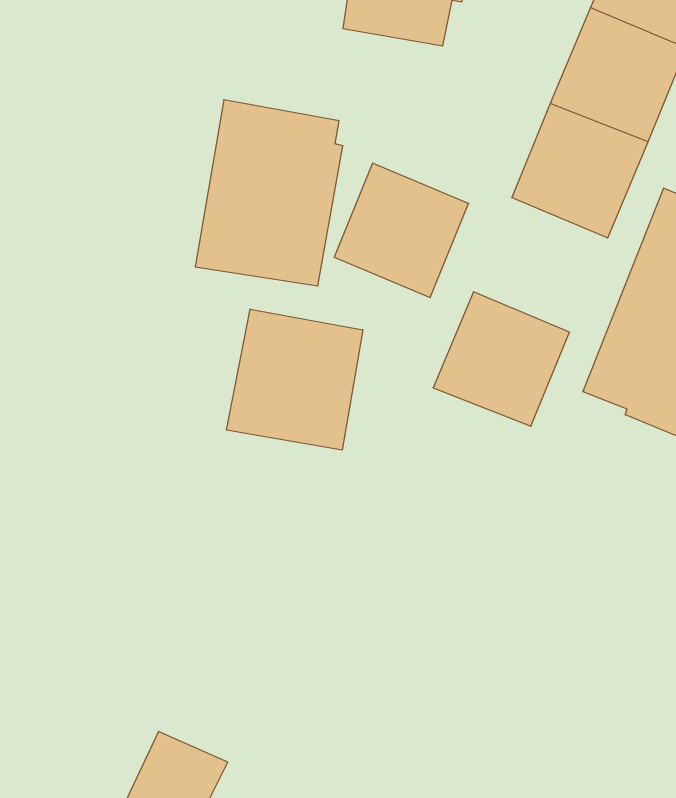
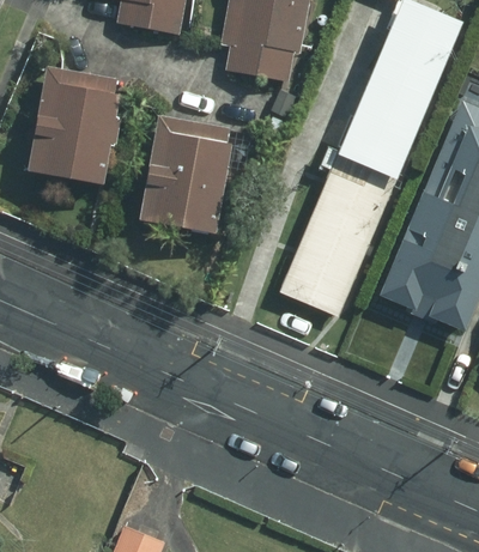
building: none -> [23,63,116,182]
building: [334,163,469,298] -> [309,175,393,259]
building: [227,309,363,450] -> none

